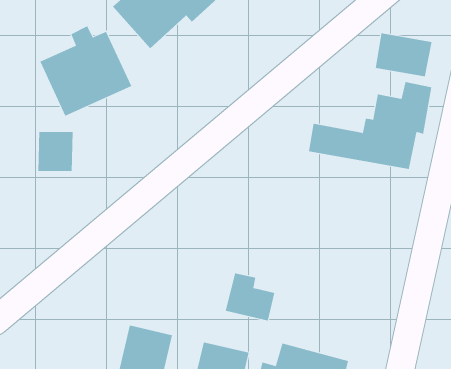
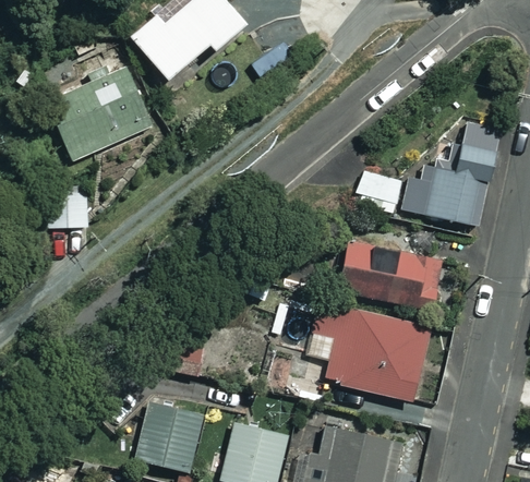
building: [375,33,432,77] -> none
building: none -> [339,241,449,312]
building: none -> [306,302,439,402]

